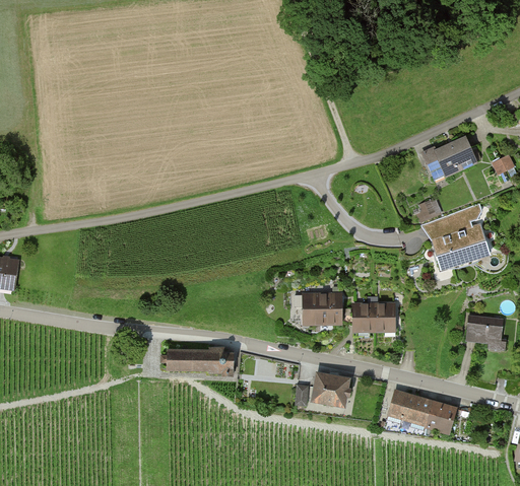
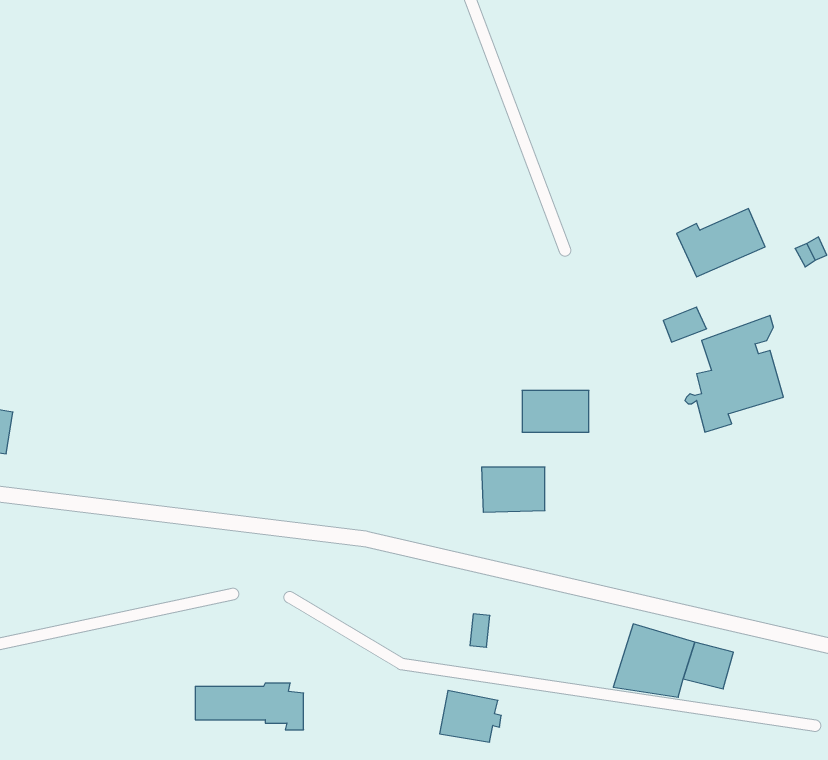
building: [353,304,394,330] -> [522,390,589,432]
building: [465,316,506,349] -> none
building: [167,347,233,375] -> [195,683,304,730]
building: [313,373,350,405] -> [440,690,501,742]

